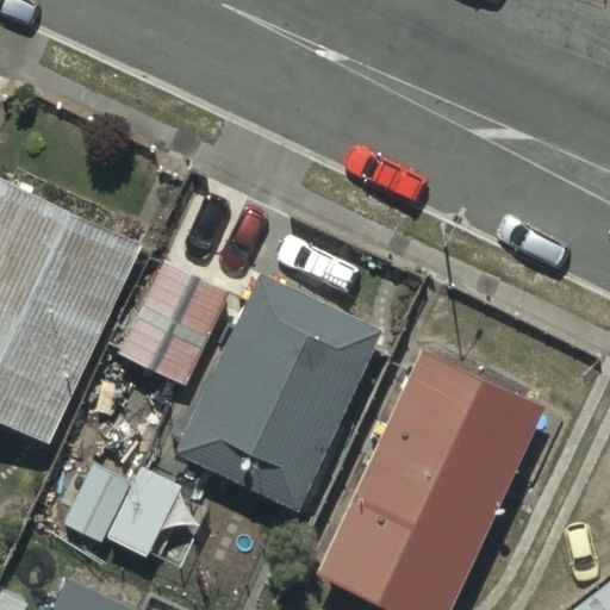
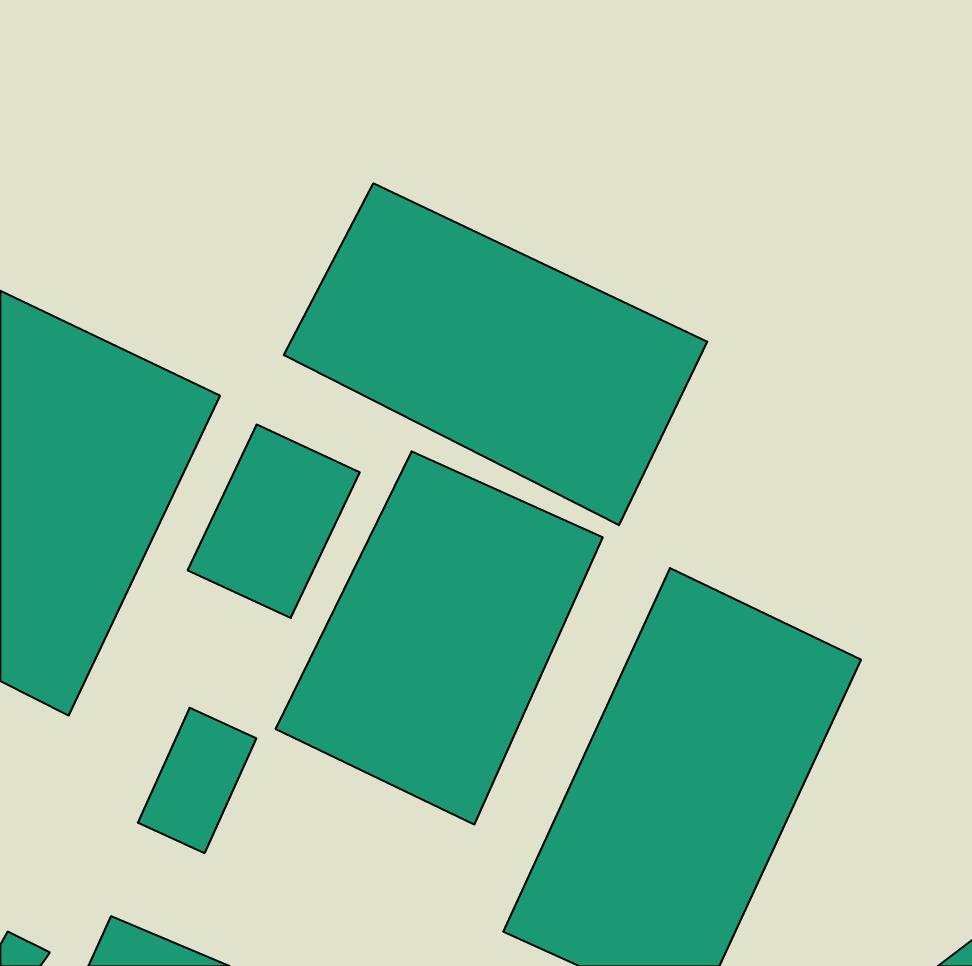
building: none -> [284,183,707,525]

